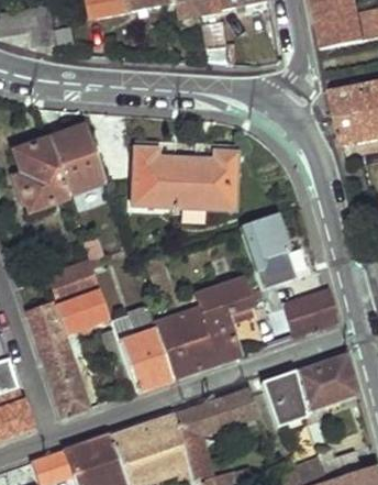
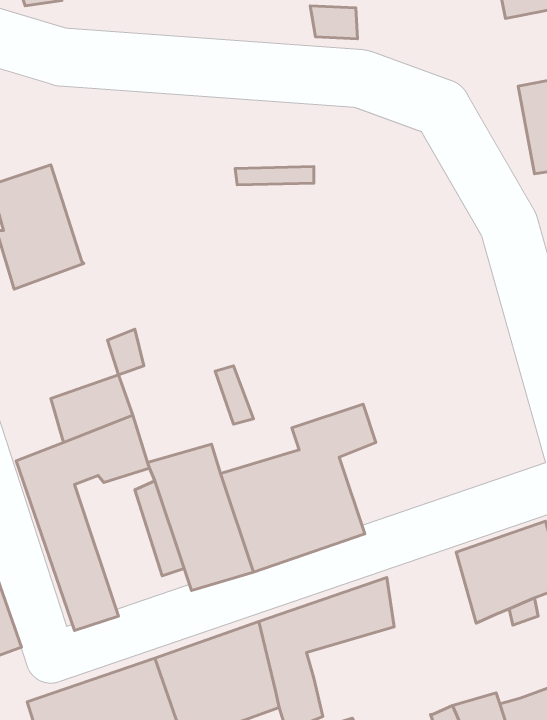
building: [49,126,105,196] -> none
building: [130,144,232,206] -> none
building: [243,218,299,289] -> none
building: [258,289,341,350] -> none
building: [262,371,307,425] -> none

